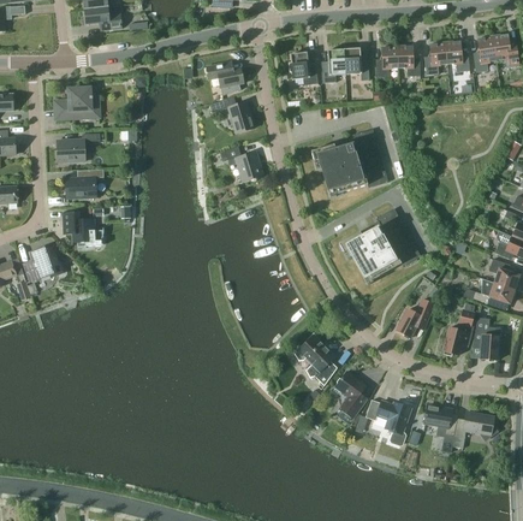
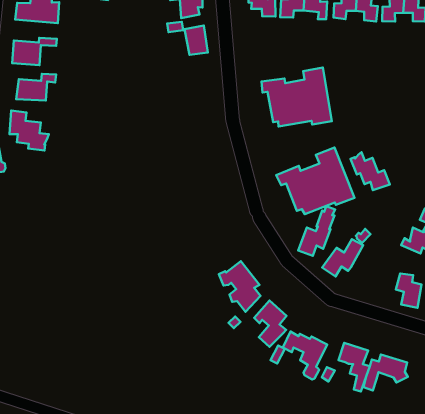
building: [224,146,263,182] -> none
building: none -> [351,152,390,190]
building: [442,303,475,355] -> [298,206,335,256]

